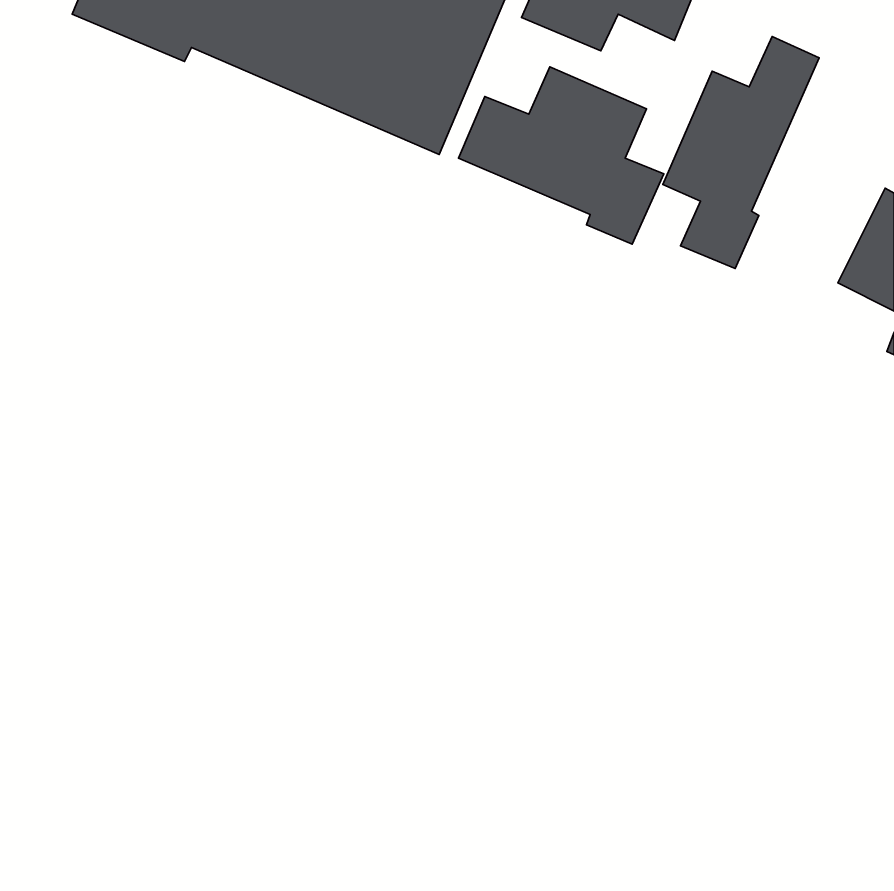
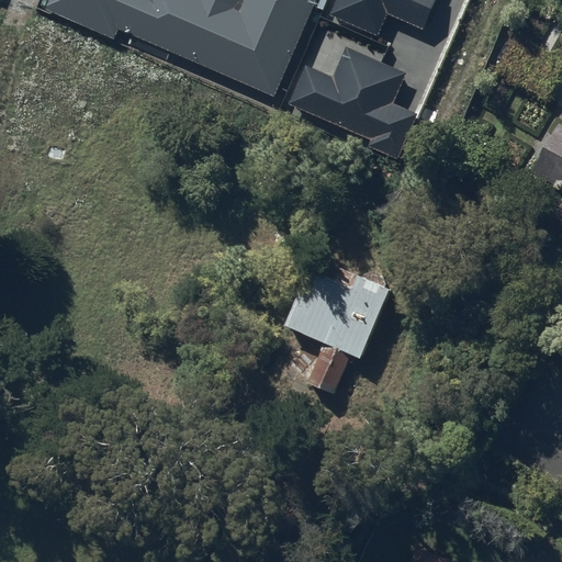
building: [663,37,819,269] -> none
building: none -> [285,270,390,395]

